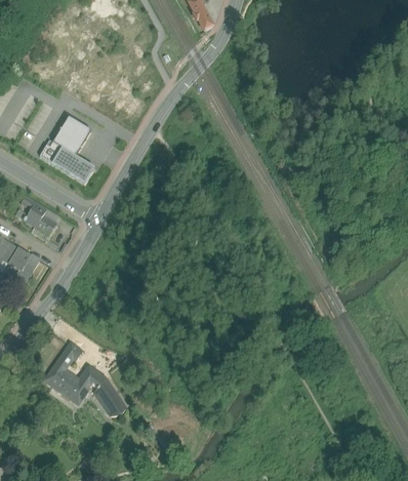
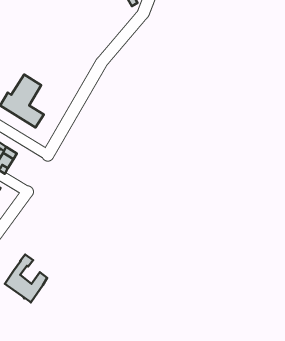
building: [92,373,125,416] -> none

